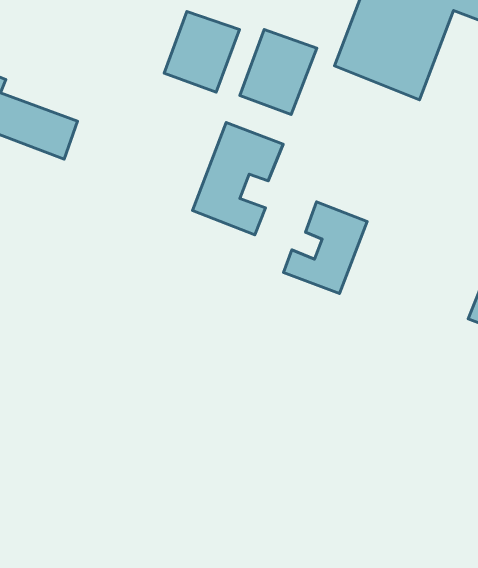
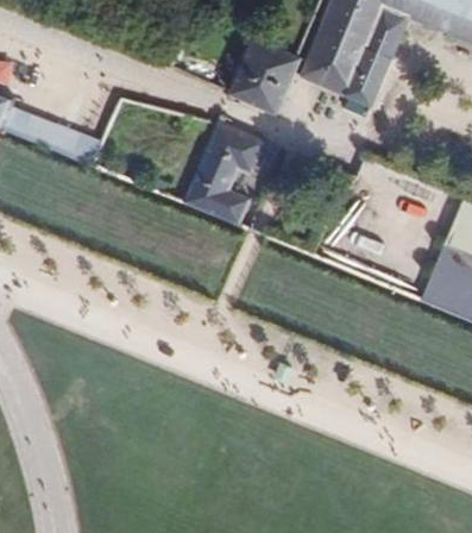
building: [164,12,239,92] -> none
building: [284,202,367,294] -> none

